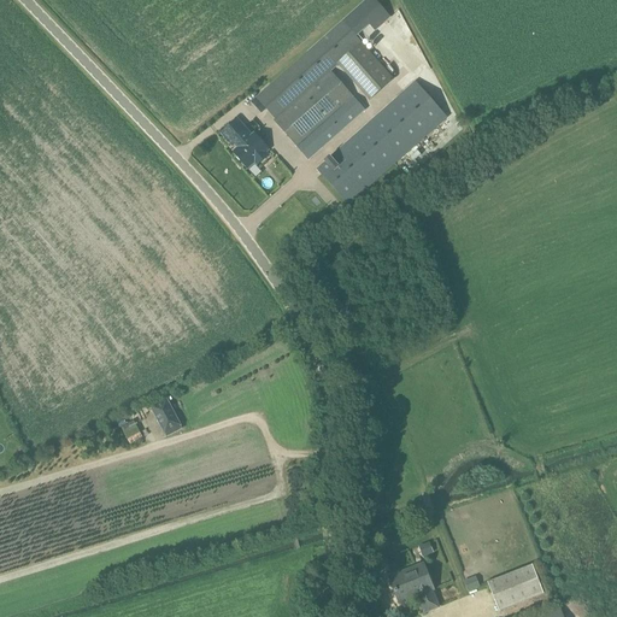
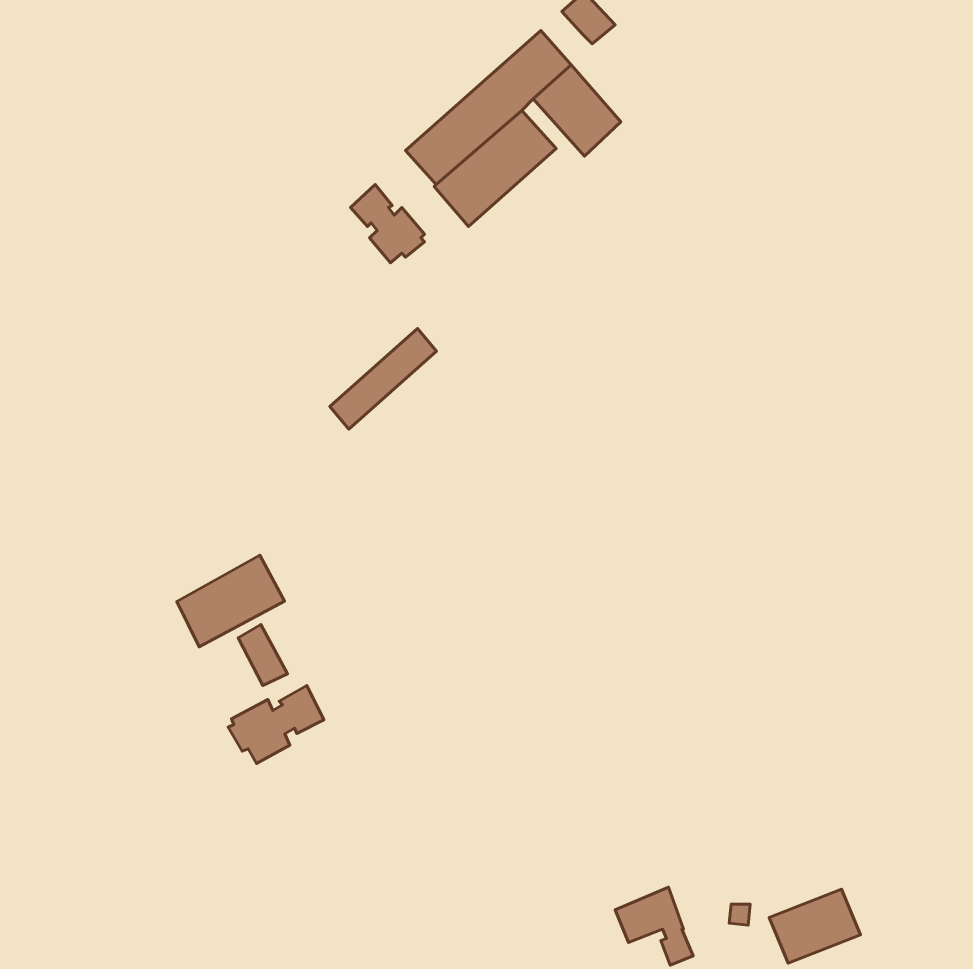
building: [317,80,447,202] -> none
building: [296,94,364,158] -> [330,328,436,429]
building: none -> [177,555,284,647]
building: none -> [228,685,324,764]

